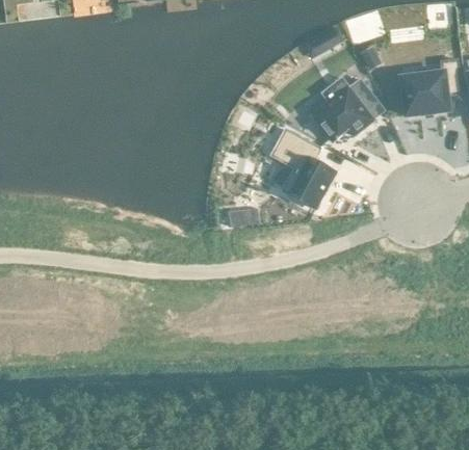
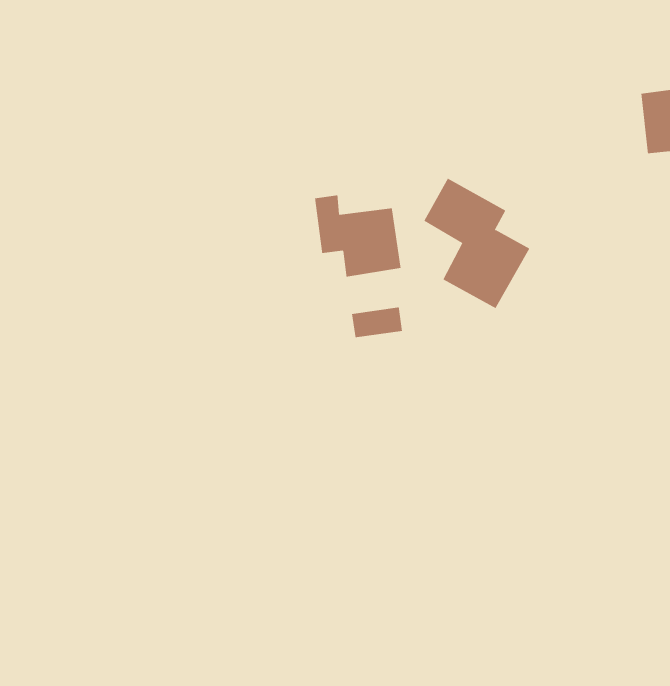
building: [313,78,377,141] -> none
building: none -> [314,195,401,277]

